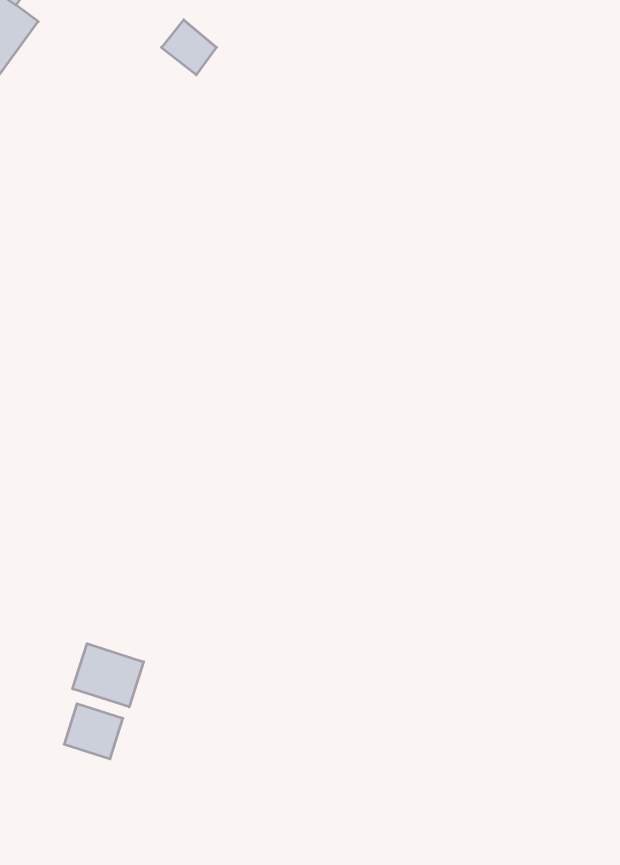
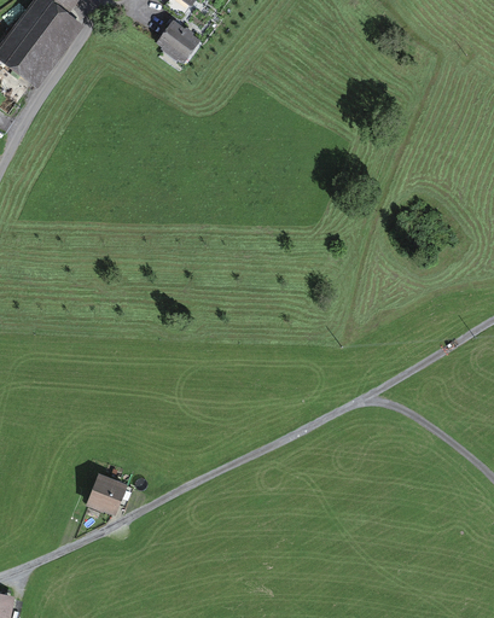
building: [73,644,144,707] -> none

